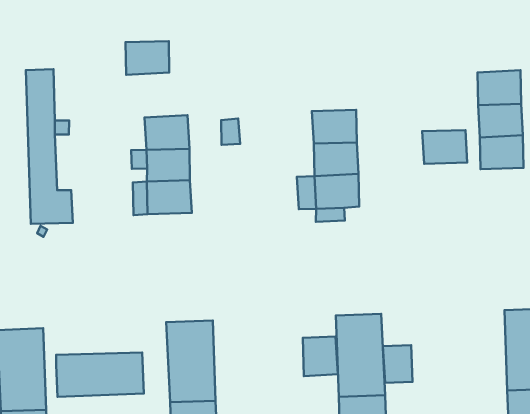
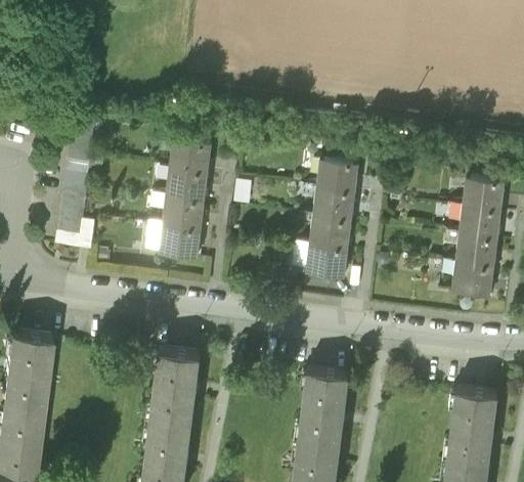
building: [126,41,169,75] -> [169,138,211,171]
building: none -> [316,157,358,190]
building: [422,130,467,164] -> [452,260,493,294]
building: [303,336,338,376] -> none
building: [383,345,412,383] -> none
building: [56,353,144,397] -> none

